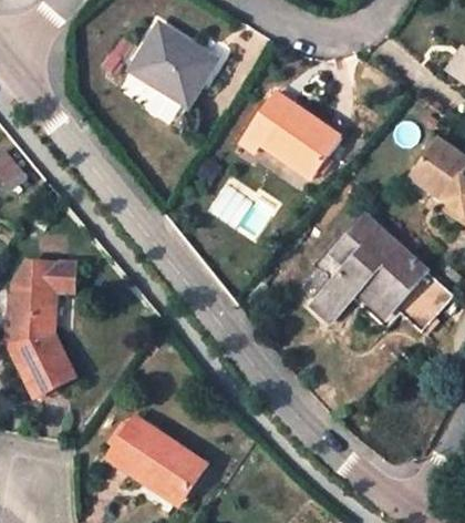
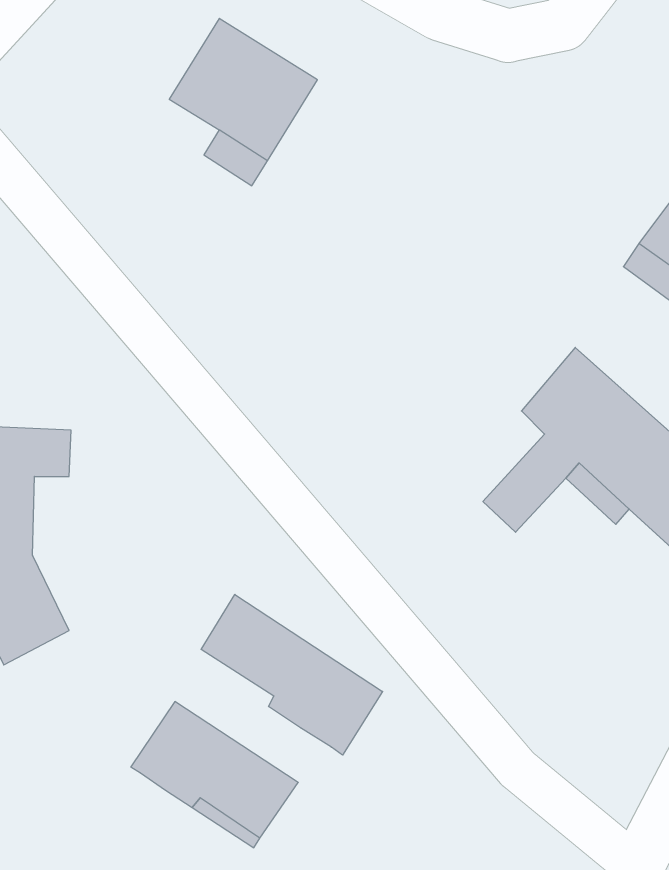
building: [224,84,342,178] -> none
building: none -> [201,594,383,755]

